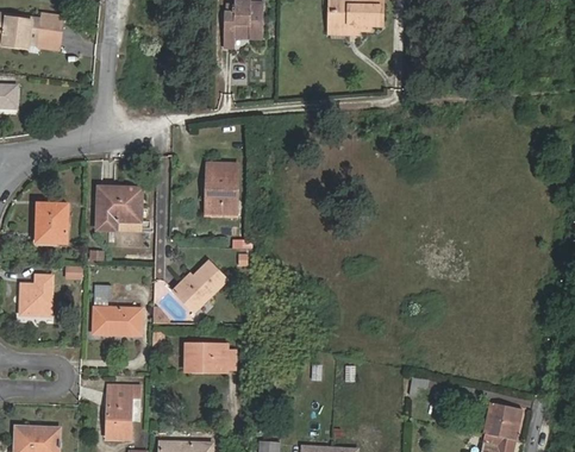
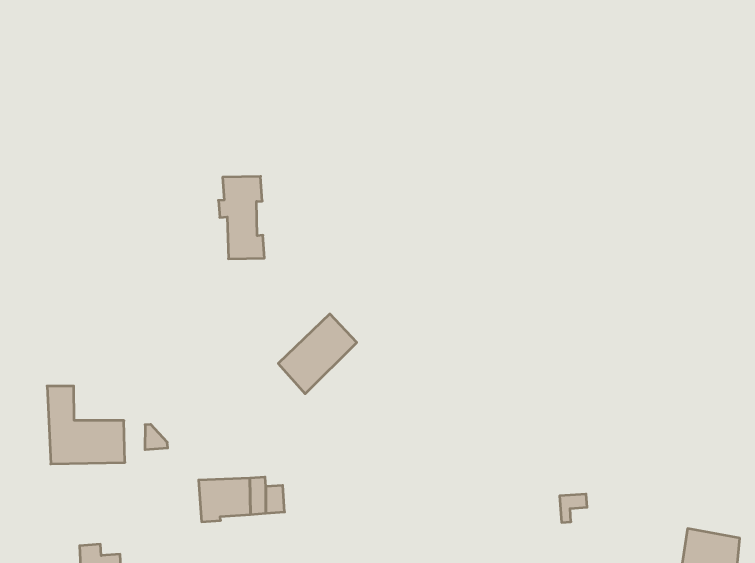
building: [96,186,142,230] -> none
building: [169,264,219,313] -> [278,314,357,394]

